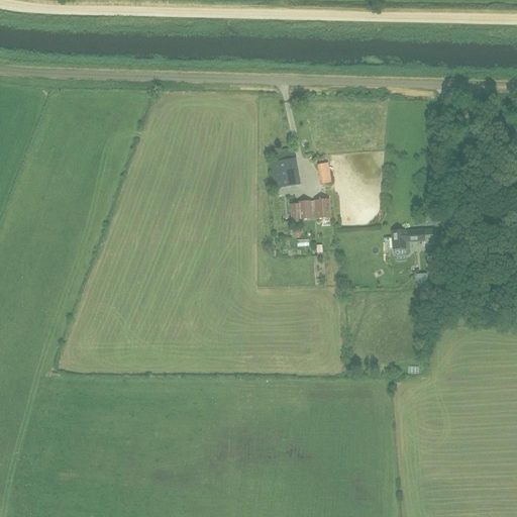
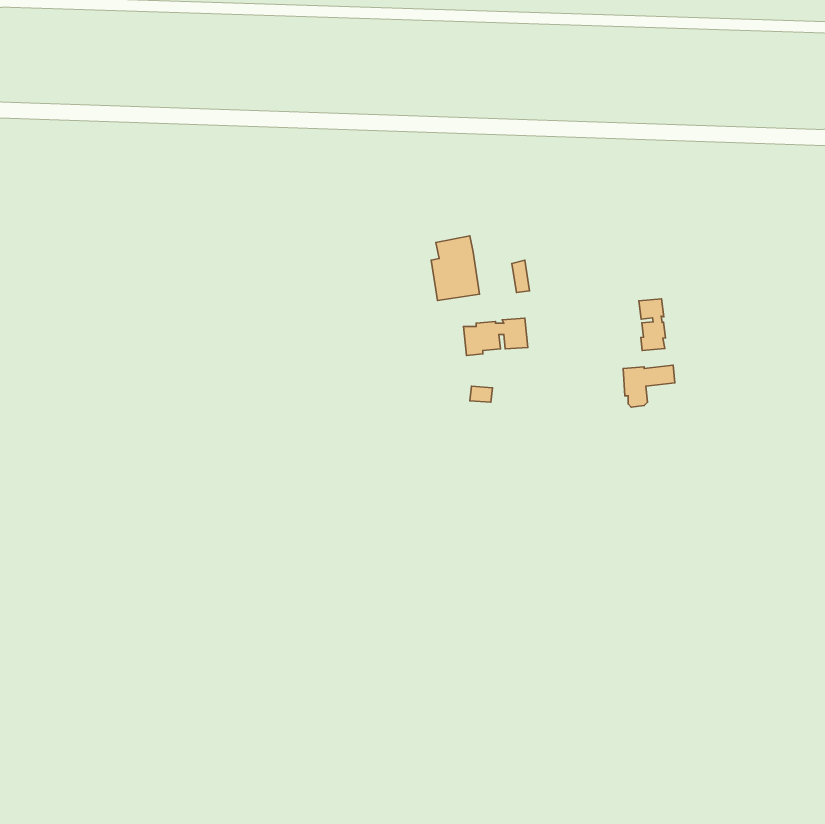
building: none -> [639,299,665,351]

